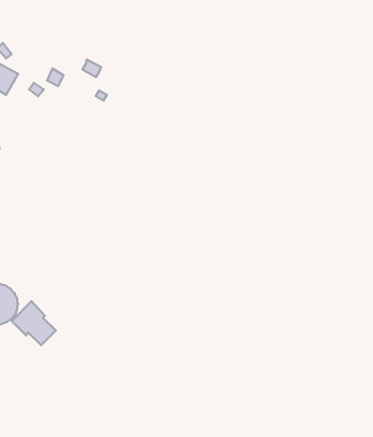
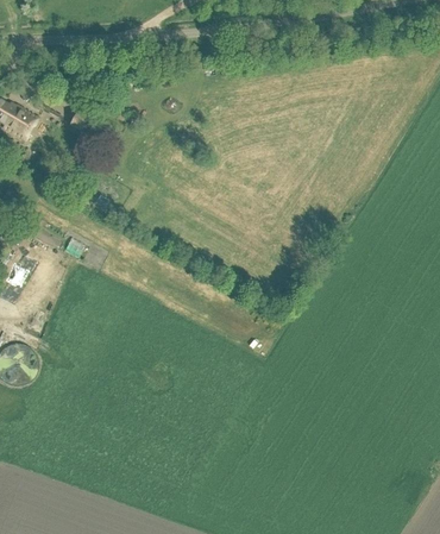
building: [12,301,56,345] -> none

